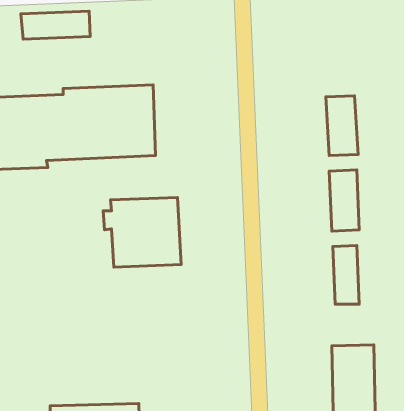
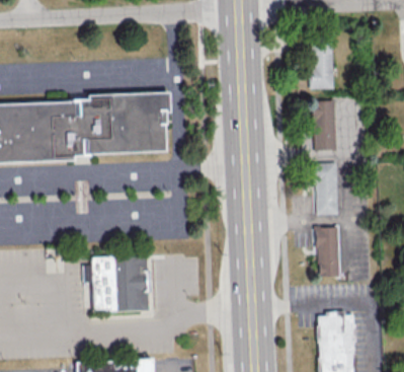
building: [21,11,90,39] -> none
building: none -> [308,35,335,91]
building: [103,198,181,267] -> [84,254,150,313]

